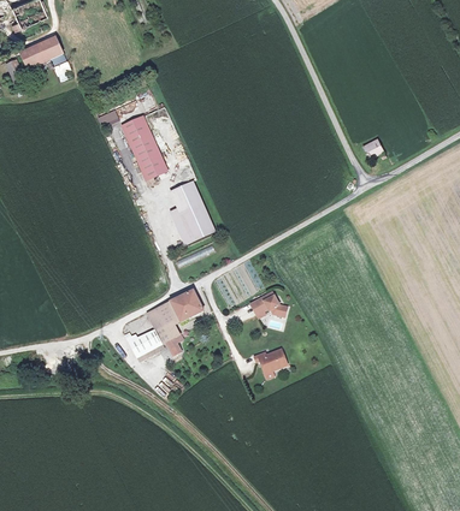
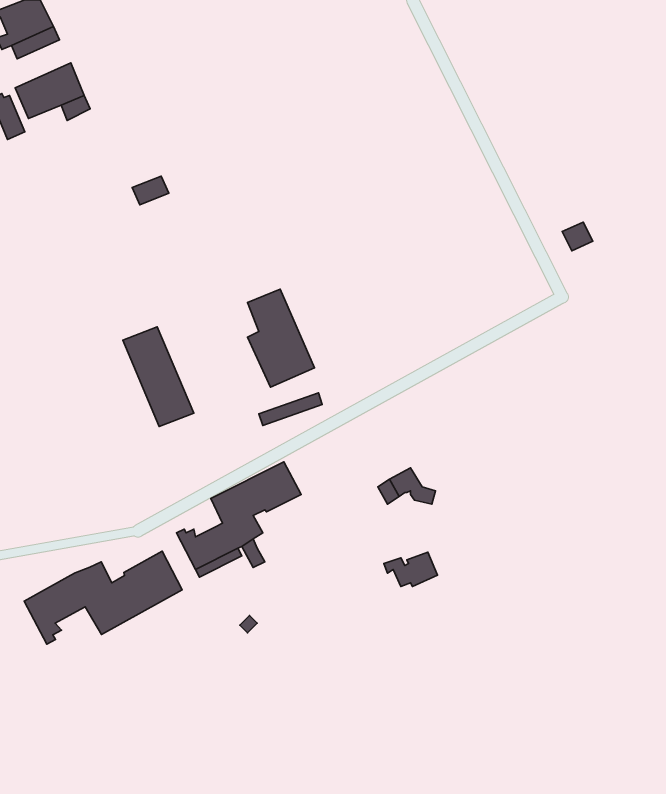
building: [122,118,166,180] -> [123,327,194,427]
building: none -> [24,551,182,644]

